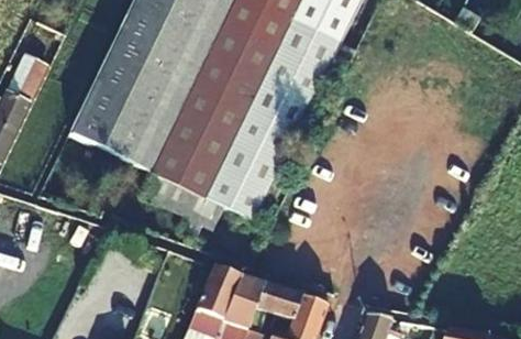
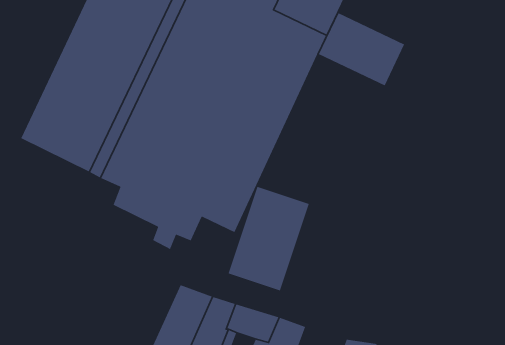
building: none -> [318,12,405,87]
building: none -> [227,186,310,291]

